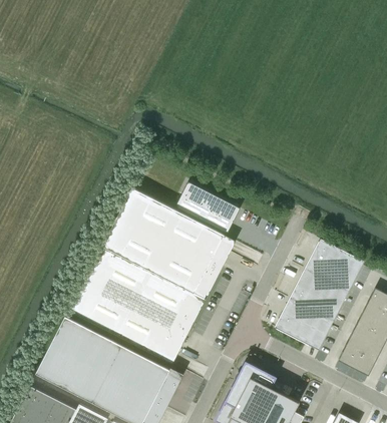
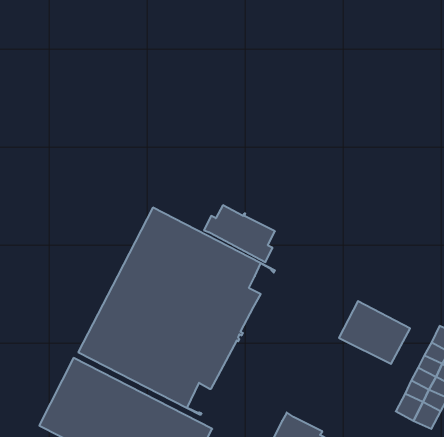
building: [306,240,364,291] -> none
building: [275,299,334,351] -> none

